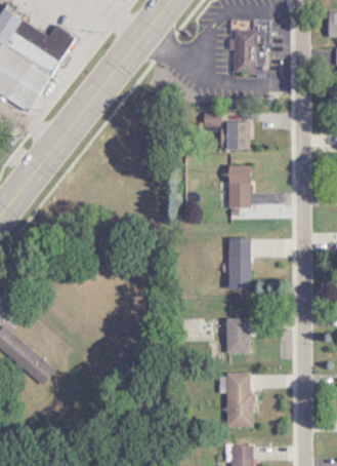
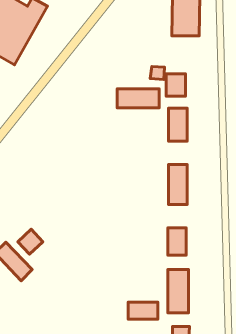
building: none -> [117,89,159,108]
building: none -> [18,229,43,254]
building: none -> [128,302,158,319]

